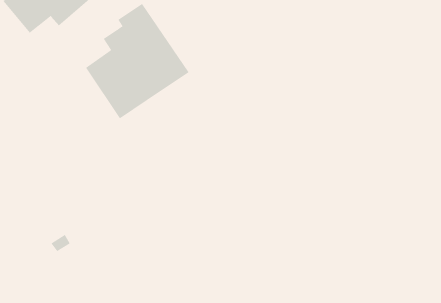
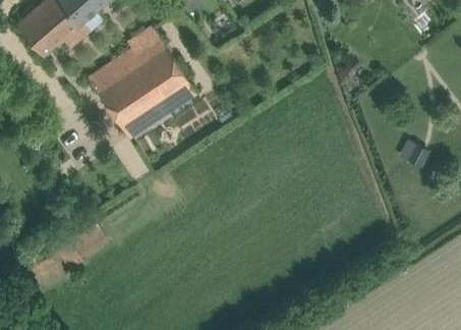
building: none -> [397,140,428,169]

